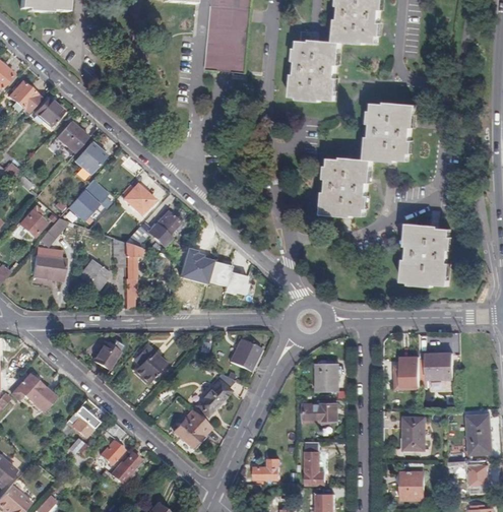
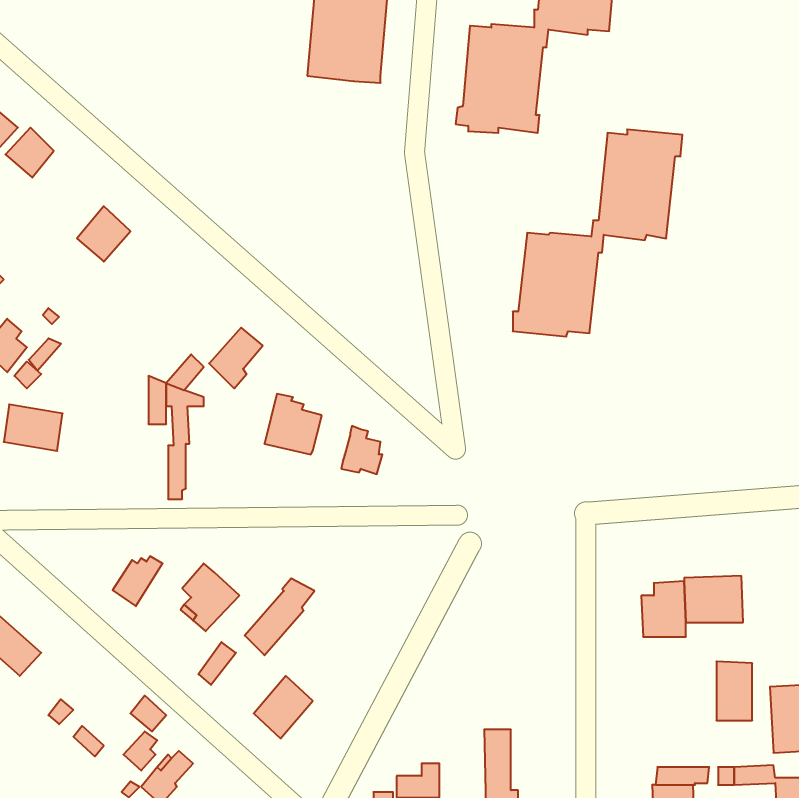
building: [54,121,86,153] -> none
building: [68,178,107,220] -> none
building: [123,184,152,214] -> none
building: [402,221,450,285] -> none
building: [79,260,108,289] -> none
building: [207,260,231,286] -> none
building: [232,339,264,372] -> none
building: [316,363,338,390] -> none
building: [196,372,236,415] -> [245,578,314,655]
building: [303,403,337,421] -> none
building: [70,406,105,436] -> none
building: [404,415,425,449] -> [716,661,752,720]

